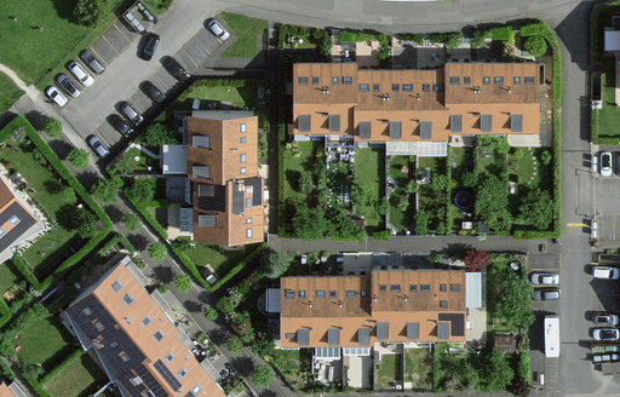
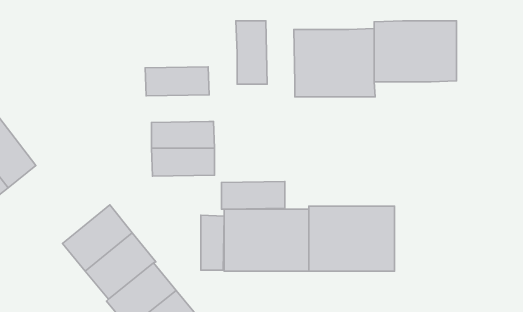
building: [312,61,345,133] -> none
building: [177,145,248,177] -> [222,181,285,209]
building: none -> [201,215,224,270]

